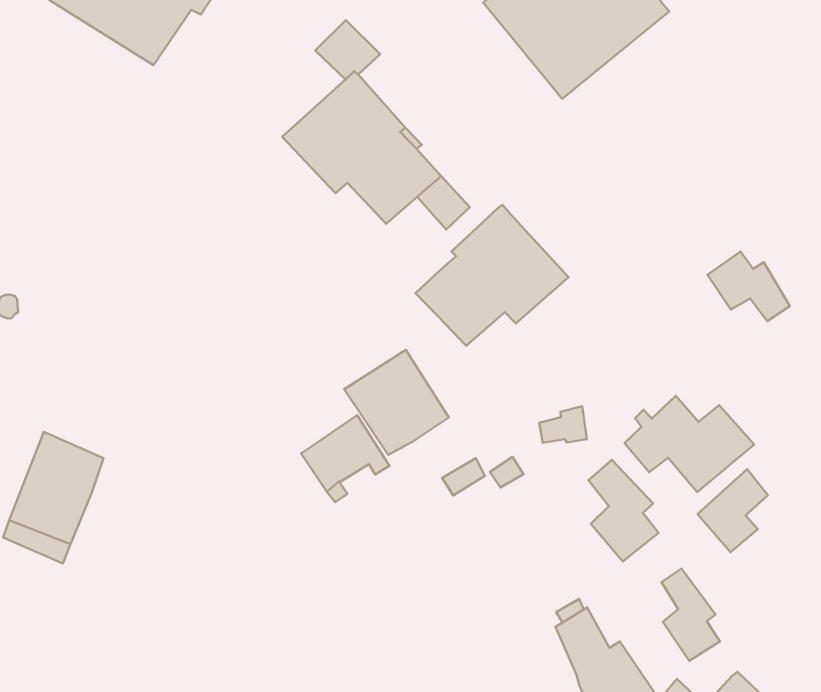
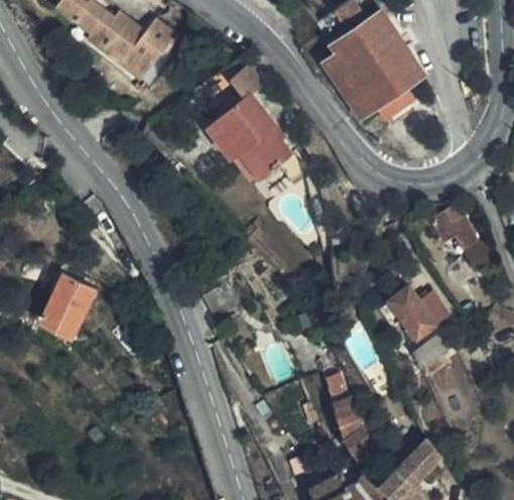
building: [416,205,568,346] -> none
building: [344,350,449,455] -> none
building: [589,460,658,562] -> none
building: [662,569,720,661] -> none

